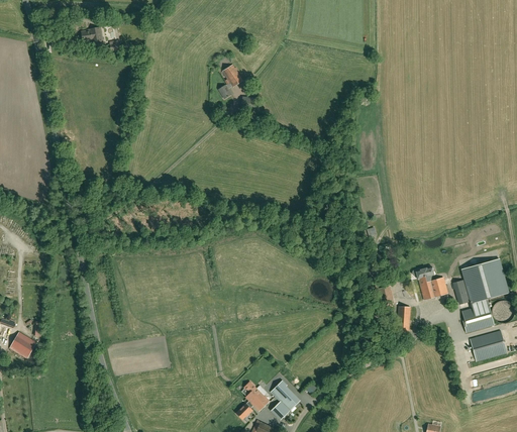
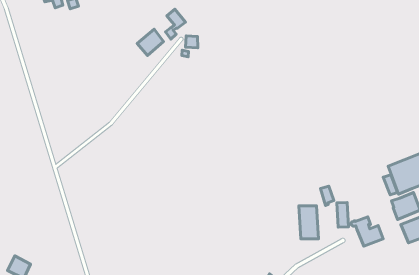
building: none -> [137,29,163,55]
building: [412,265,447,299] -> [351,217,383,246]
building: none -> [299,206,319,239]

